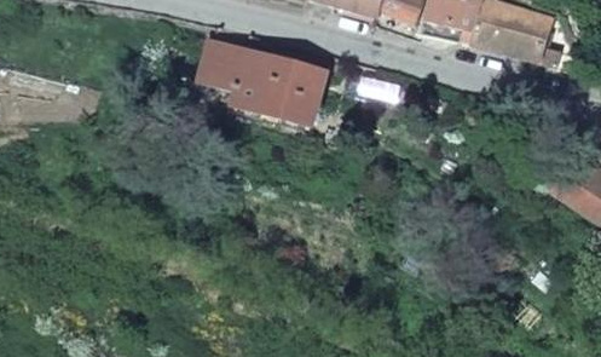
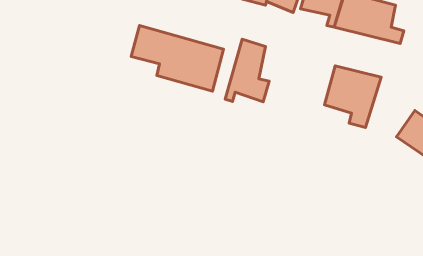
building: none -> [225,39,269,102]
building: none -> [325,66,381,128]

